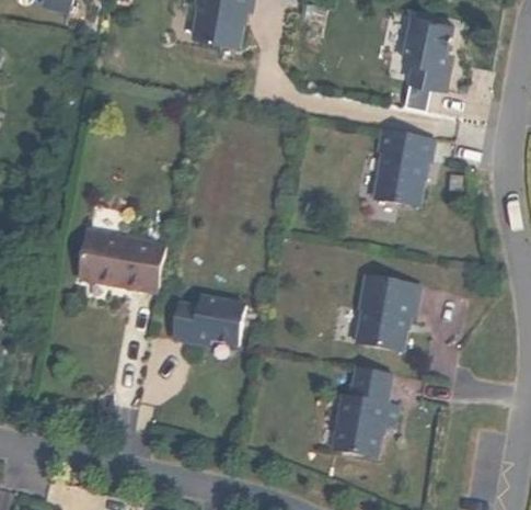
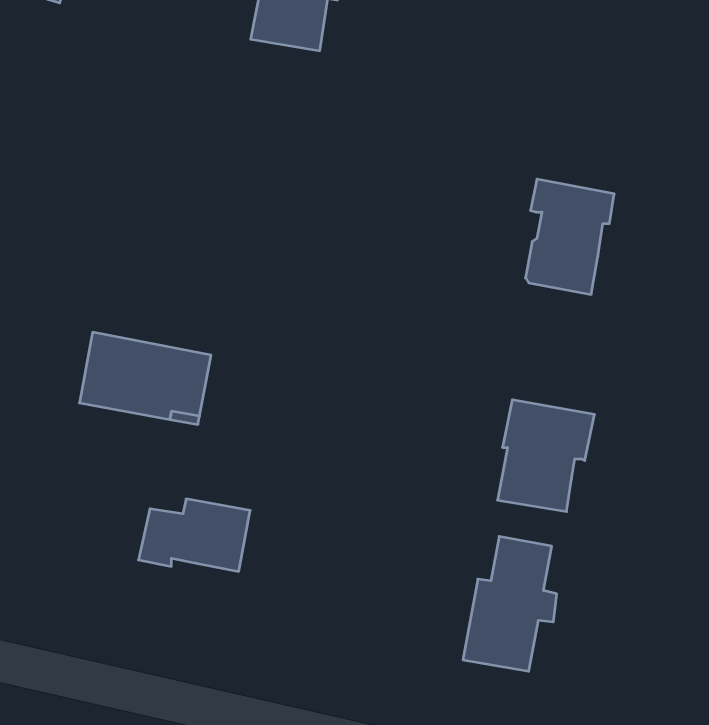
building: [402,18,451,88] -> none
building: [170,296,244,344] -> [138,499,250,571]

